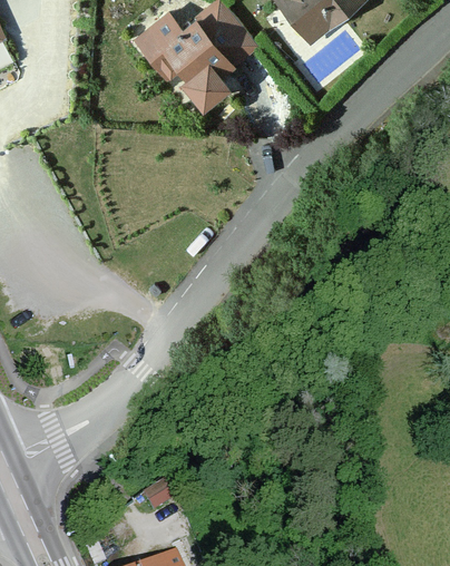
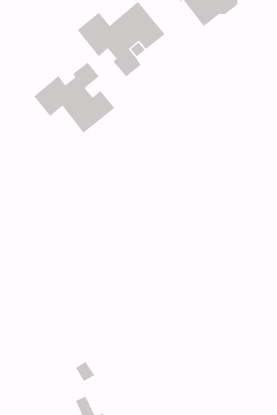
building: none -> [33,62,115,133]

